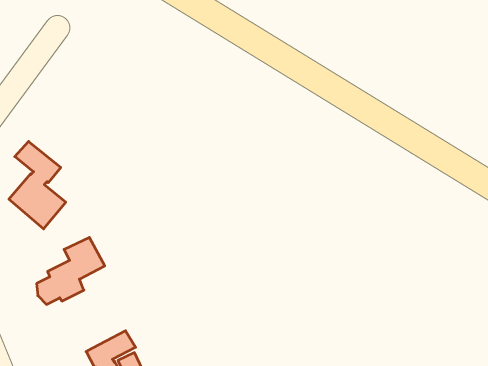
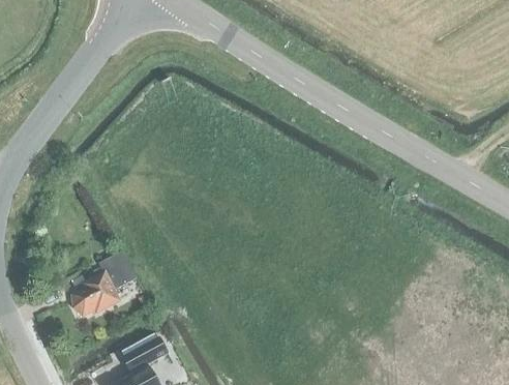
building: [9,141,66,229] -> none

